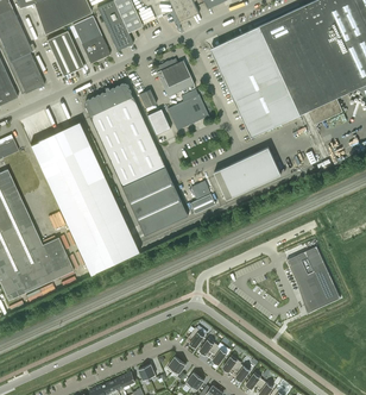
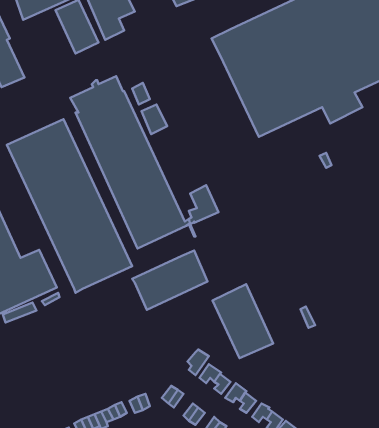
building: [45,31,82,76] -> none
building: [154,58,194,96] -> none
building: [166,94,208,130] -> none
building: [213,146,279,199] -> [132,250,208,310]
building: [286,245,340,311] -> [213,284,273,358]

